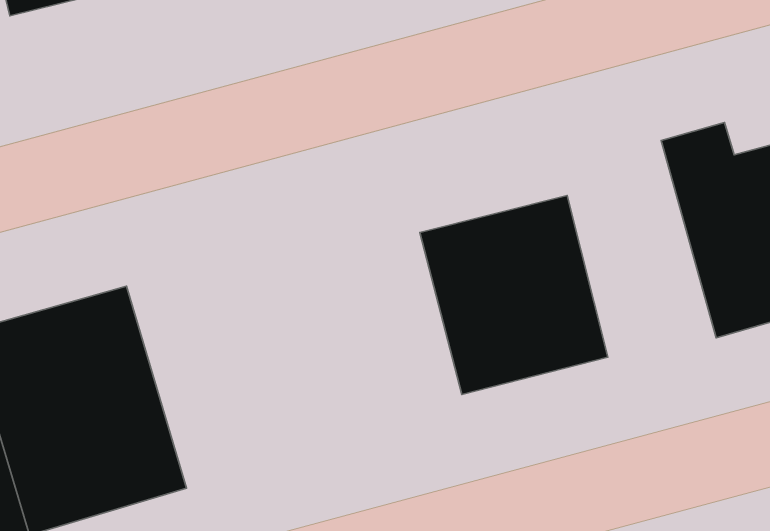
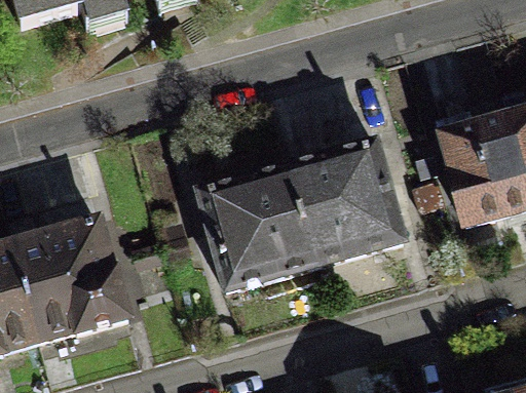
building: none -> [195,167,304,291]

